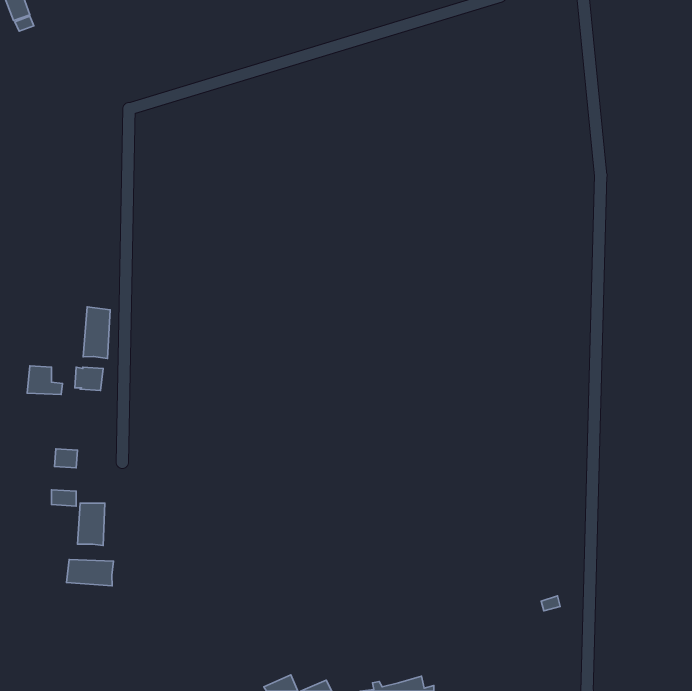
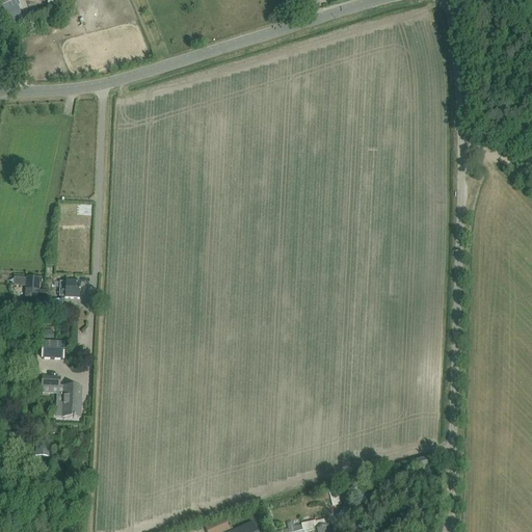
building: [83,307,110,359] -> none
building: [66,559,113,586] -> none

